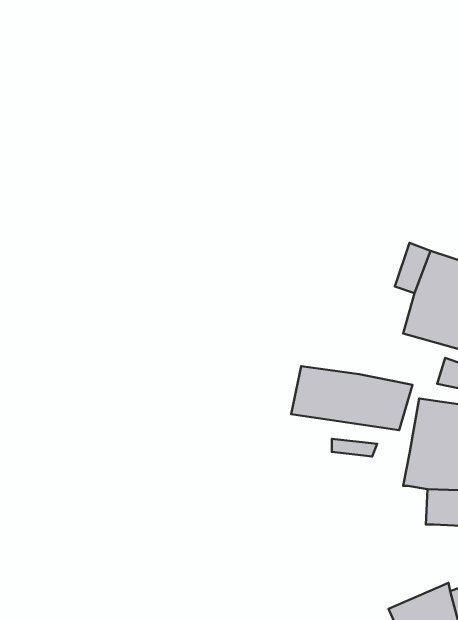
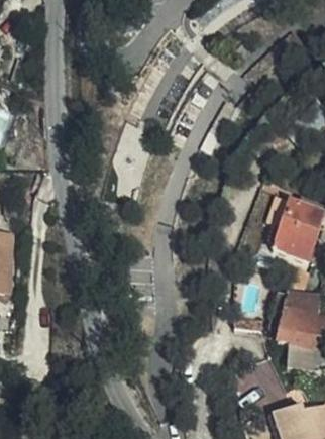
building: [291,366,412,430] -> none

